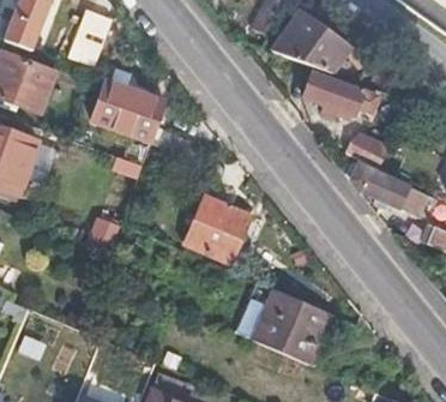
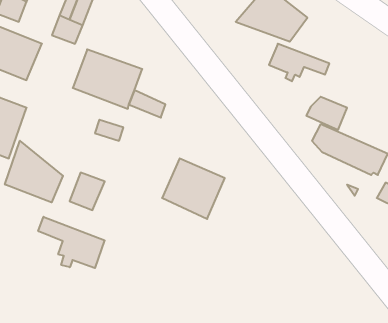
building: none -> [5,141,63,202]
building: none -> [38,217,105,268]
building: [237,282,331,364] -> none

